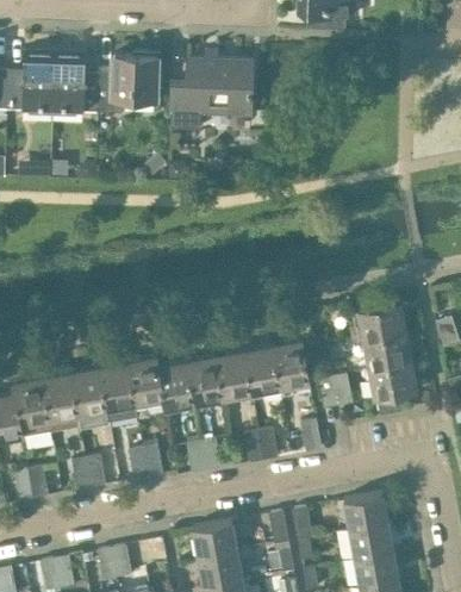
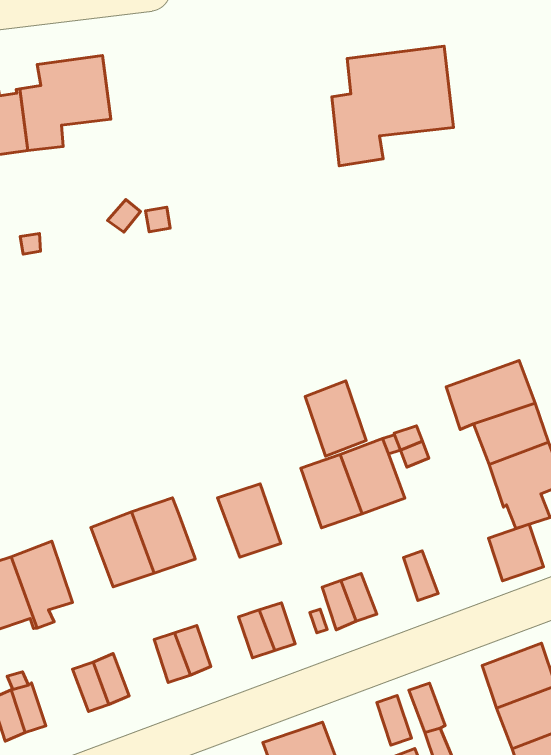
building: [170,58,253,129] -> [332,46,454,166]
building: [216,351,251,399] -> [305,381,366,456]
building: [158,362,194,410] -> none
building: [71,368,107,416] -> none
building: [318,373,351,407] -> [488,524,543,581]

